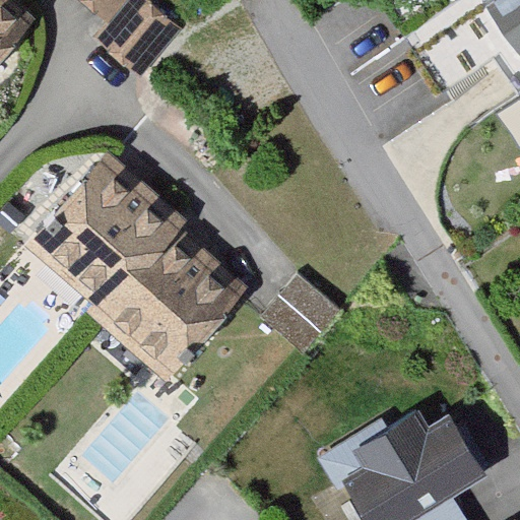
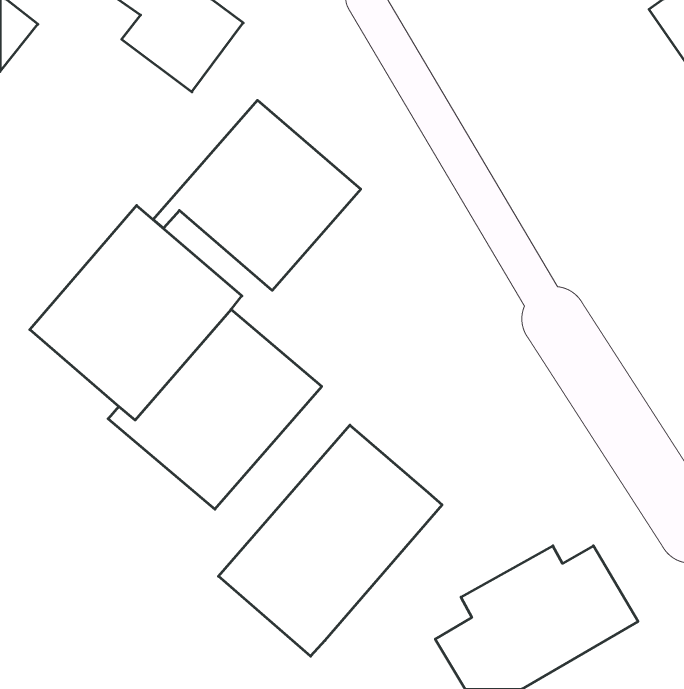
building: none -> [153,100,361,290]
building: none -> [218,425,442,656]

